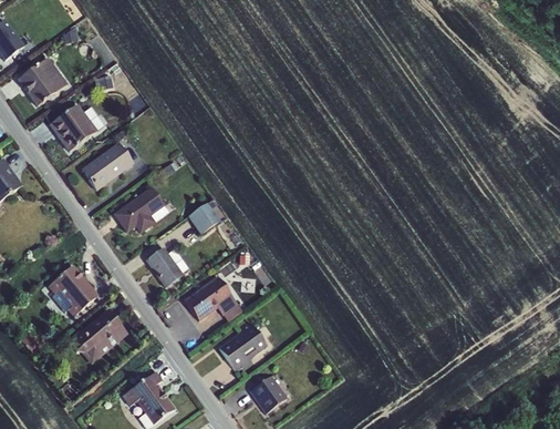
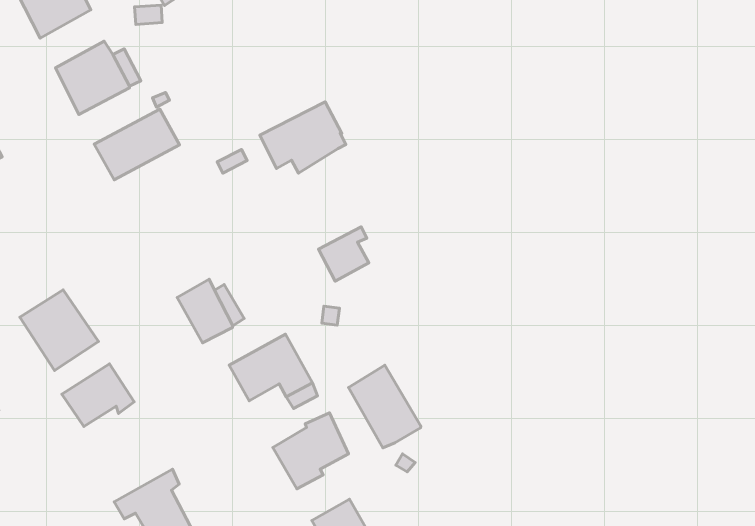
building: [113,186,168,234] -> [260,102,346,173]
building: [187,197,220,234] -> [318,227,369,281]
building: none -> [349,365,421,448]
building: [72,330,128,362] -> none

